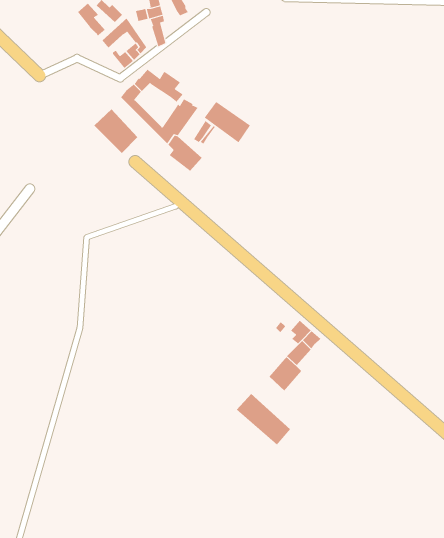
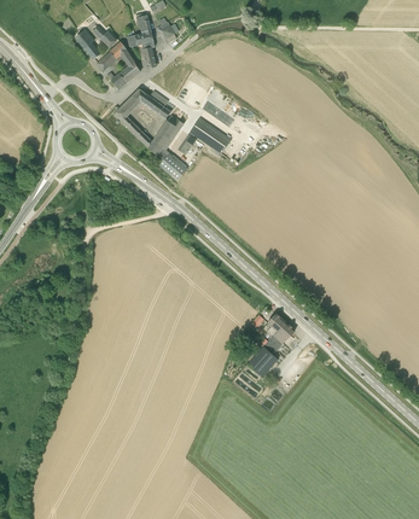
building: [94,108,138,154] -> none
building: [236,393,291,446] -> none

